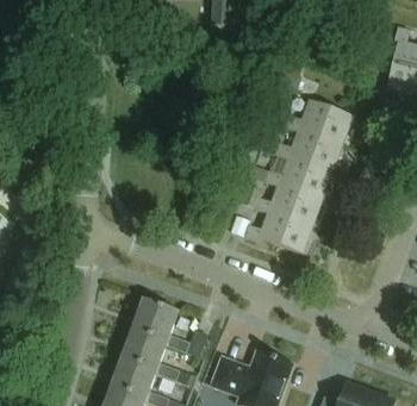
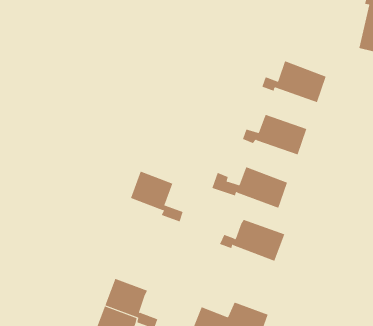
building: [275,127,344,170] -> none
building: [255,182,324,226] -> [219,219,285,261]
building: [132,298,188,351] -> [130,171,184,222]

